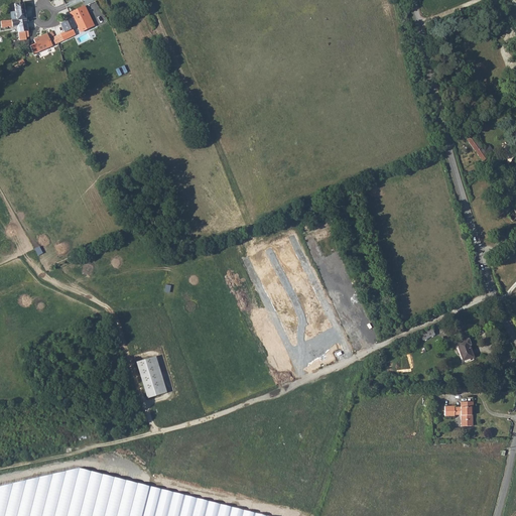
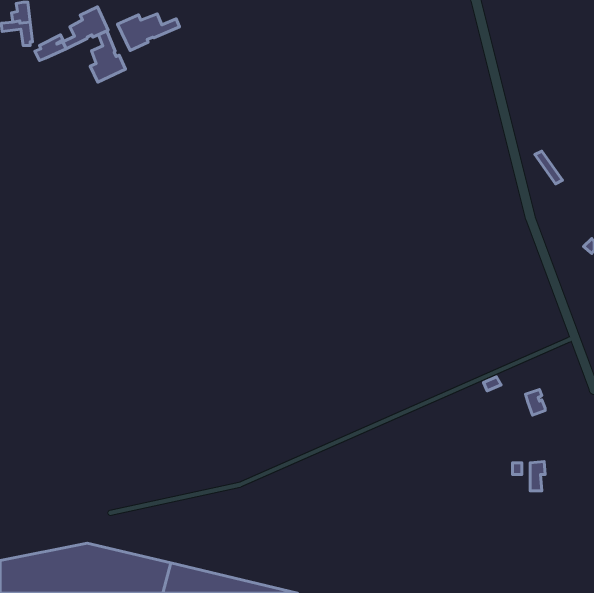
building: none -> [118,14,180,51]
building: none -> [90,31,125,82]
building: [136,355,166,396] -> none

